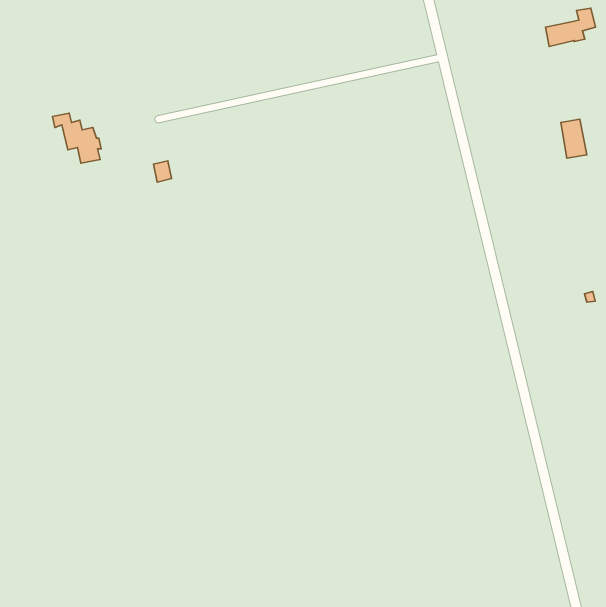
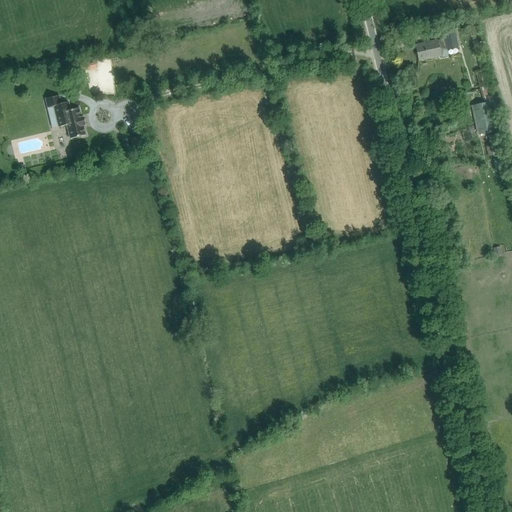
building: [545,8,595,46] -> [414,29,456,61]

